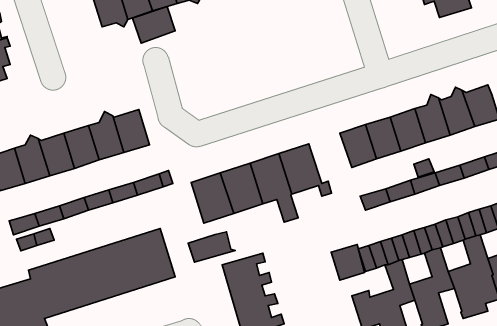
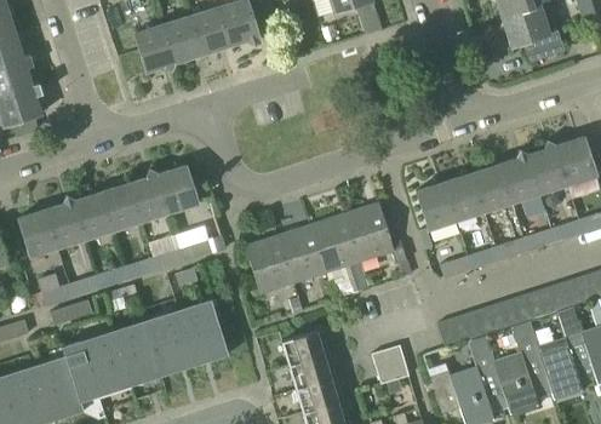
building: [133,6,175,43] -> none
building: [188,232,235,262] -> none
building: [331,245,365,280] -> [371,344,408,384]

